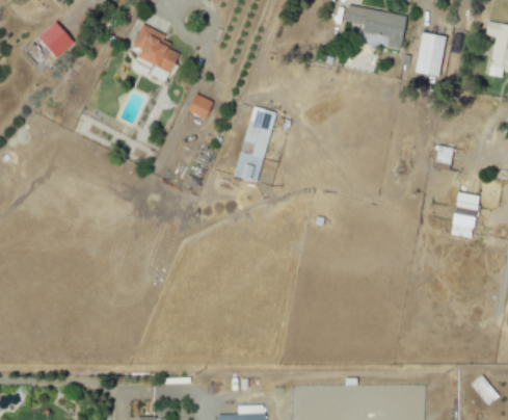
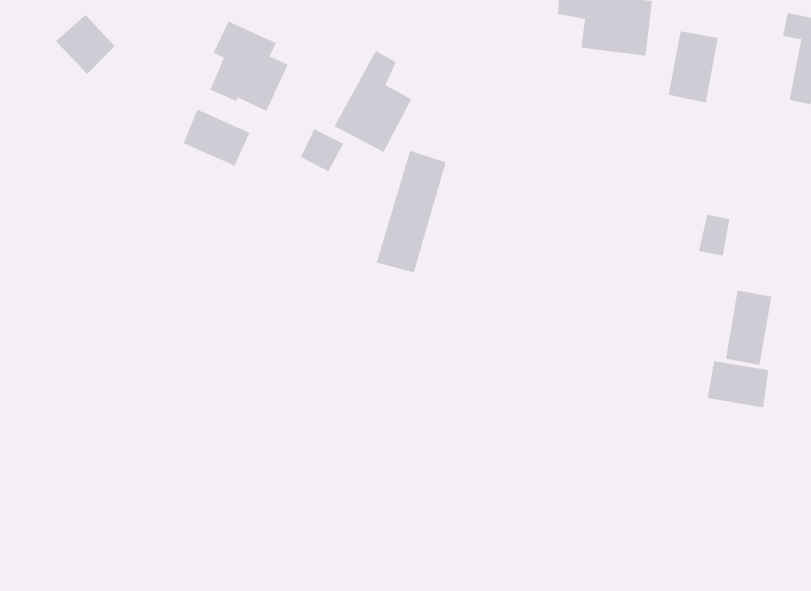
building: none -> [334,50,412,153]
building: none -> [183,109,250,167]
building: none -> [707,360,769,408]

